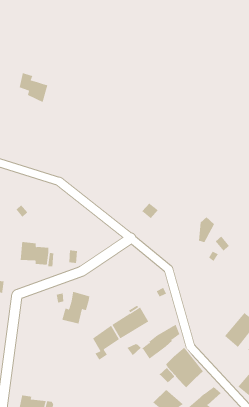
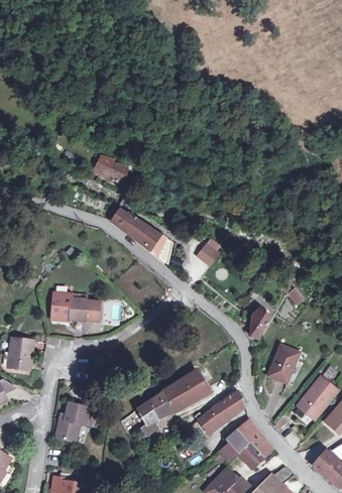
building: [19,72,48,103] -> [95,151,130,188]
building: none -> [111,210,173,264]
building: [198,217,215,243] -> [250,307,270,339]
building: none -> [267,345,299,382]
building: [62,291,90,324] -> [54,402,89,442]

